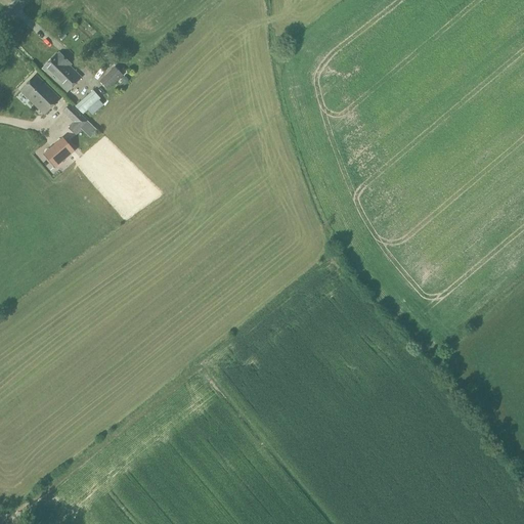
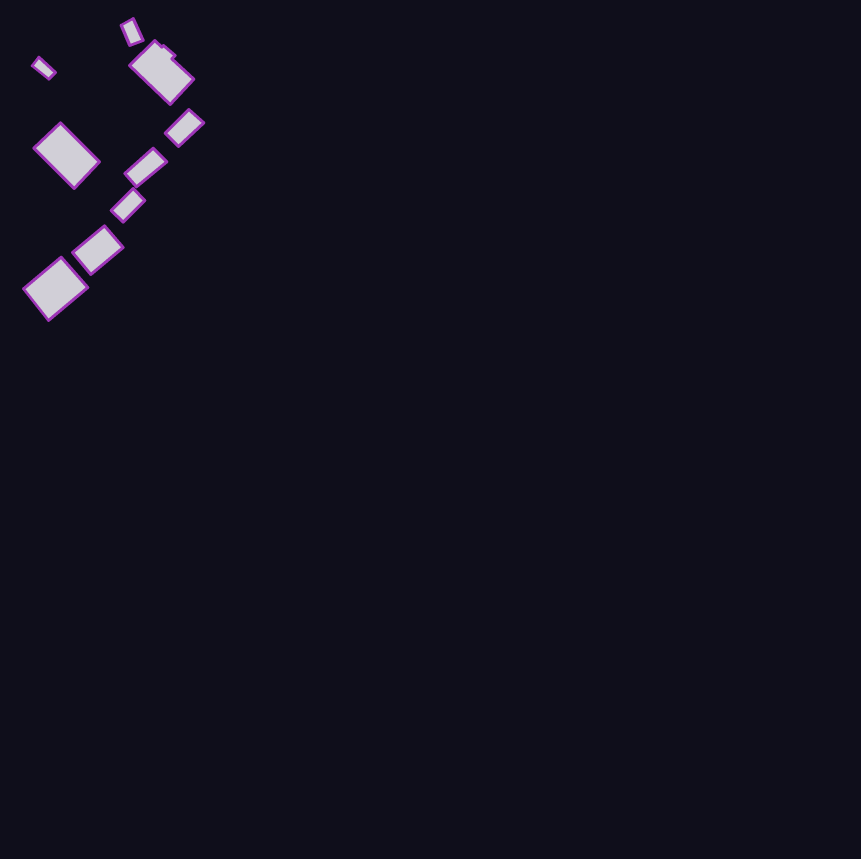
building: [42,53,81,92] -> [130,40,194,104]
building: none -> [23,257,88,320]

